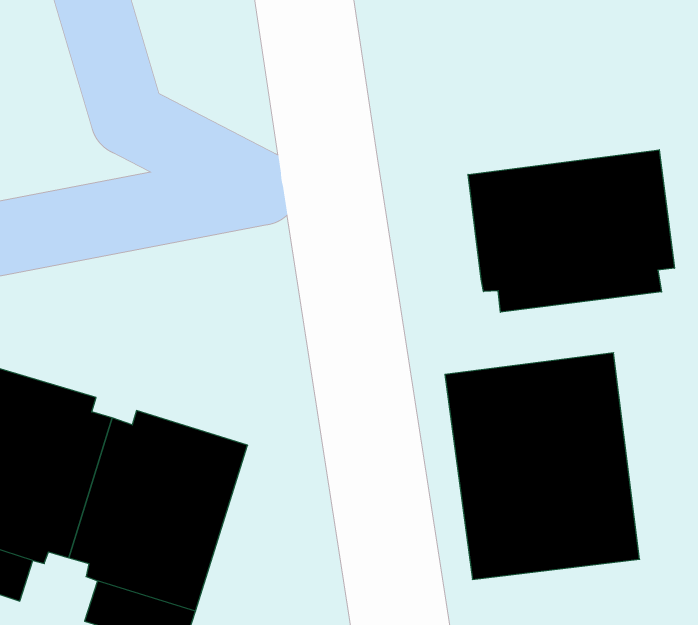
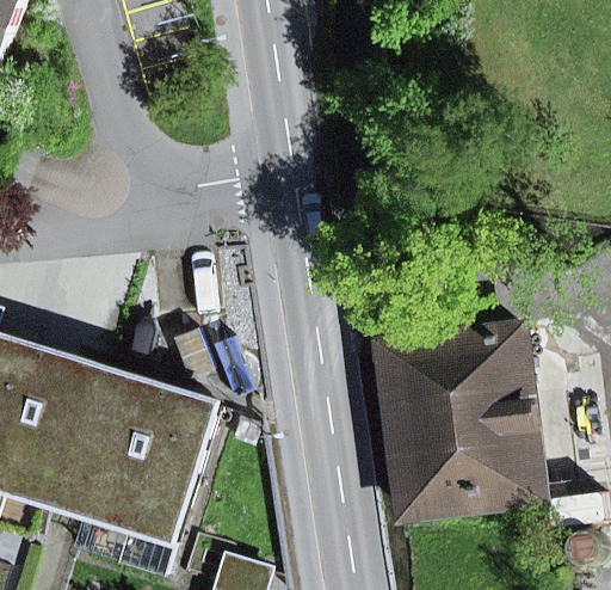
building: [468,150,674,312] -> none

